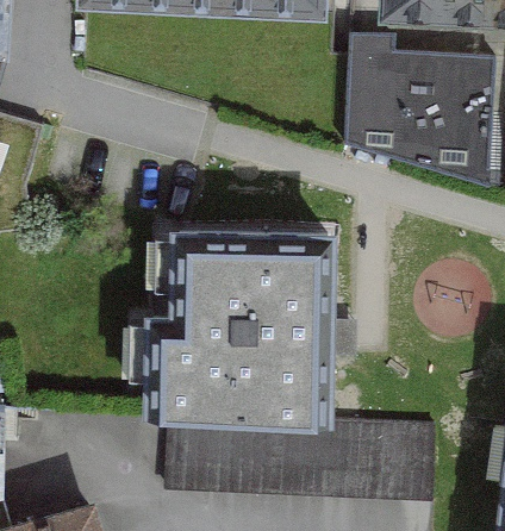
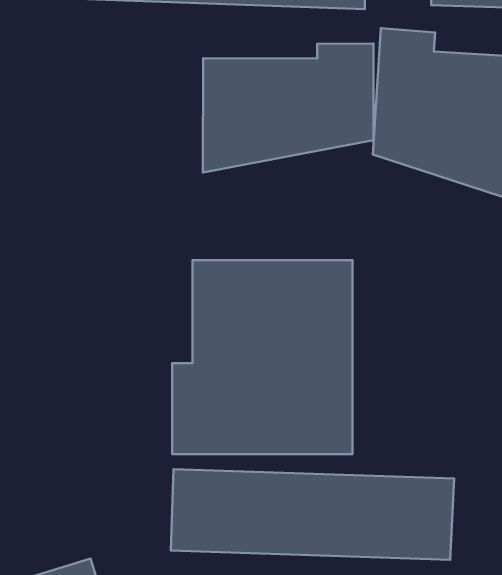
building: none -> [203,43,374,172]

